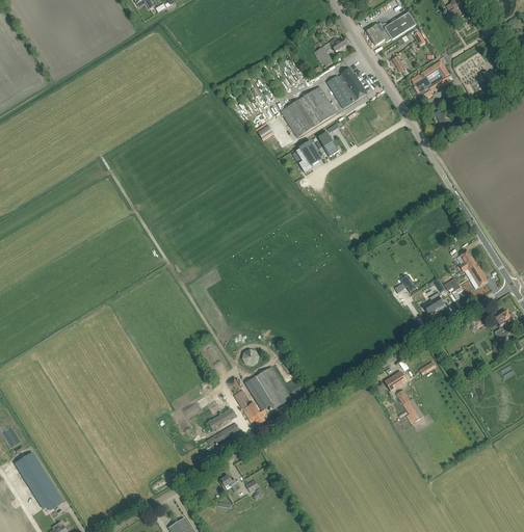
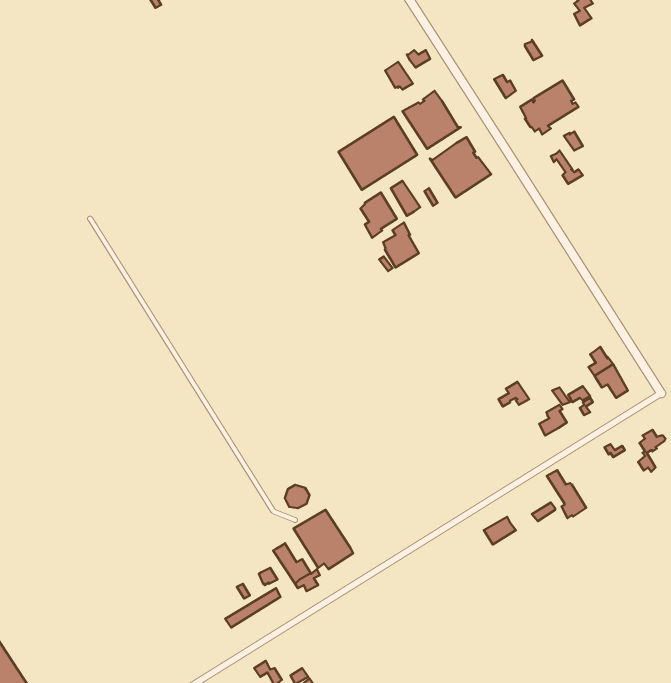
building: [366,11,415,45] -> none
building: none -> [430,137,491,197]
building: none -> [383,223,419,268]
building: [395,389,423,423] -> [547,470,586,518]

